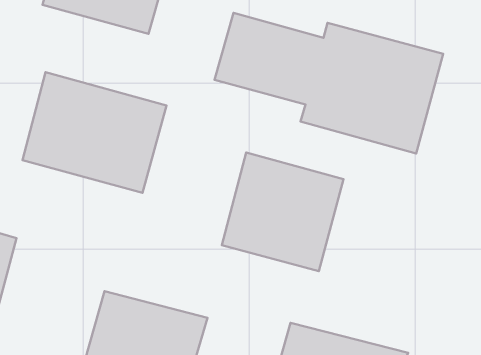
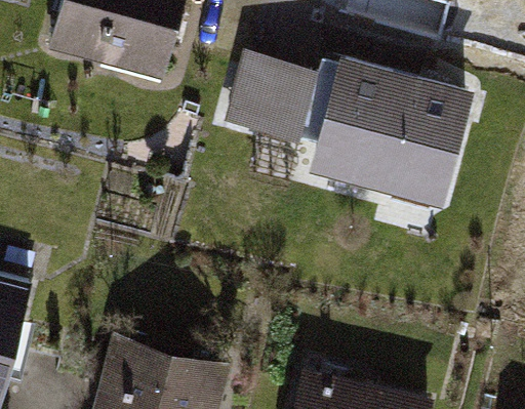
building: [23,72,166,193] -> none
building: [222,153,344,271] -> none

